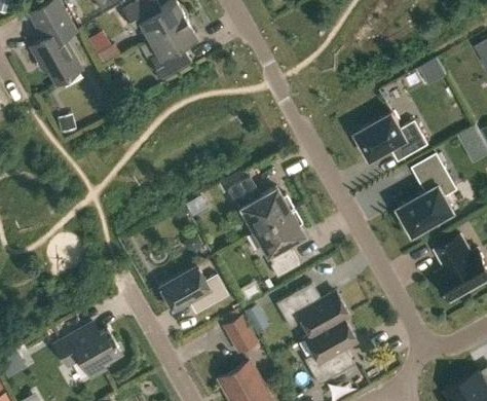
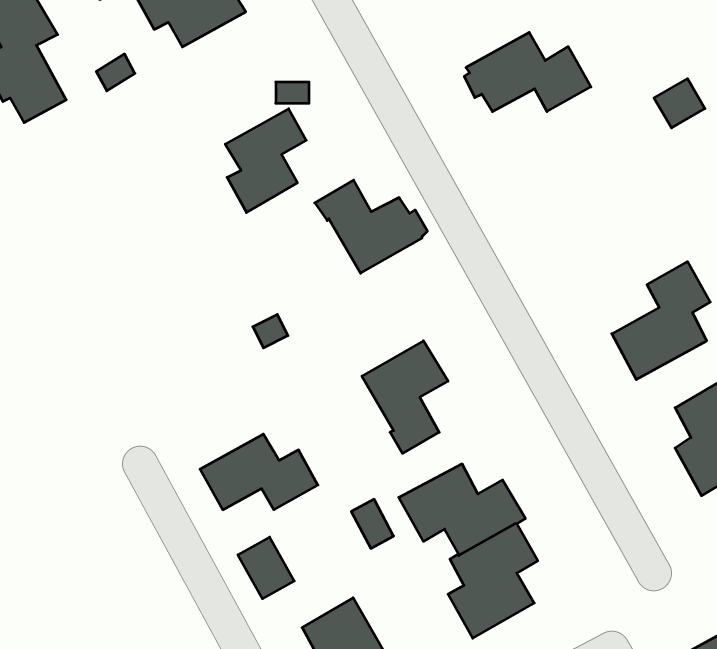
building: [149,19,196,79] -> [225,109,306,213]
building: [355,112,429,158] -> [464,32,591,112]
building: [227,177,293,231] -> [315,180,427,273]
building: [224,316,257,352] -> [238,537,294,599]
building: [55,323,120,376] -> none

